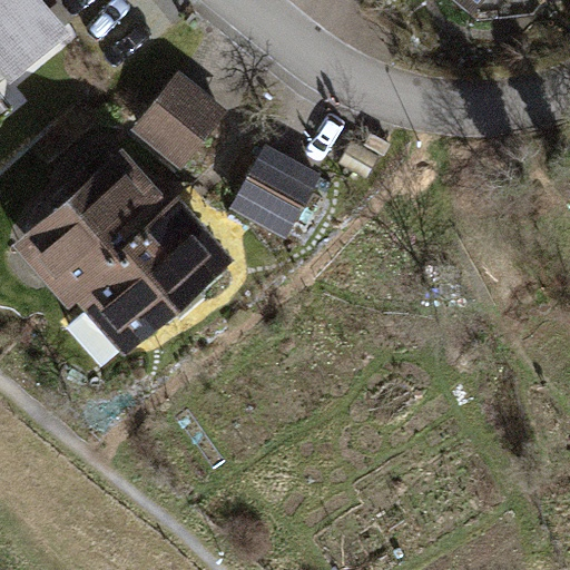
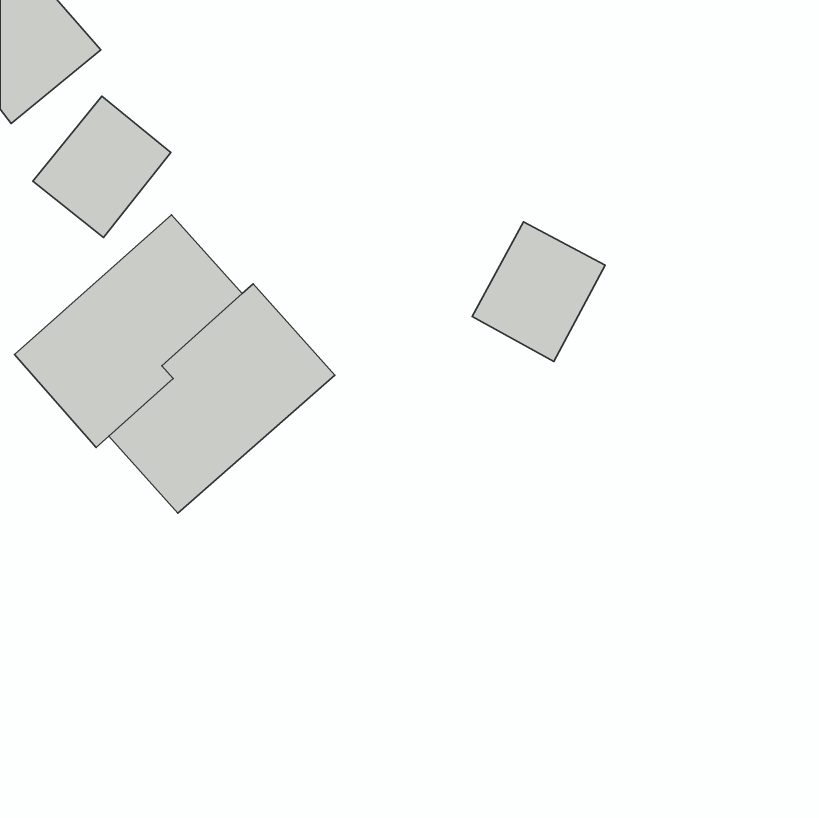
building: [130,71,226,169] -> [33,96,171,237]
building: [229,142,322,239] -> [472,222,605,361]

